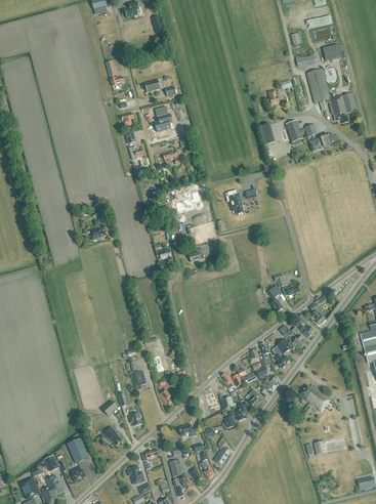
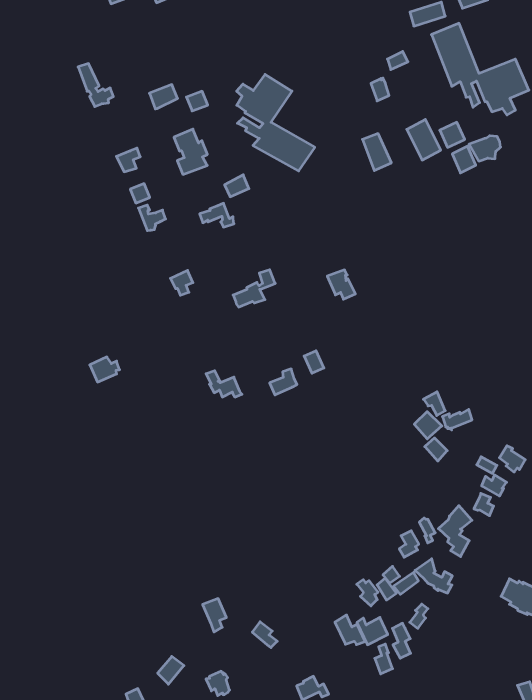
building: none -> [237,74,315,171]

